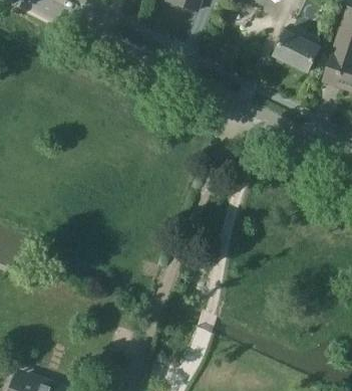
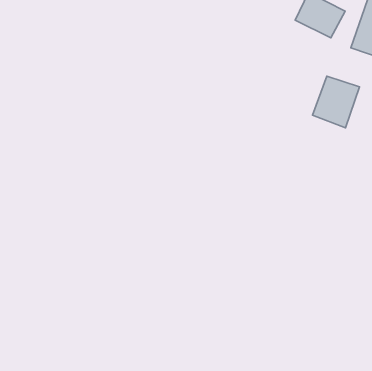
building: none -> [313,76,360,128]

